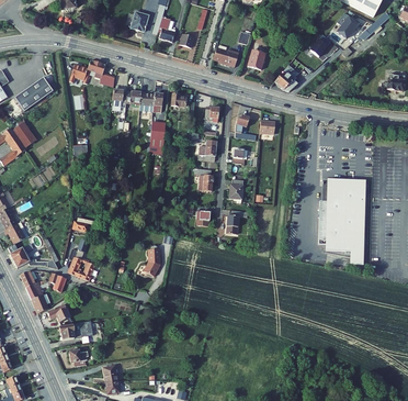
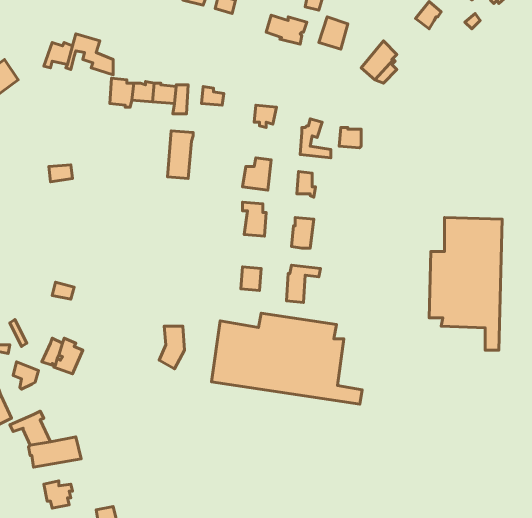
building: none -> [211,313,362,404]

